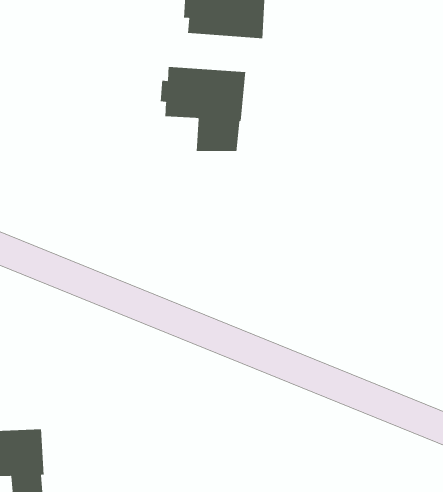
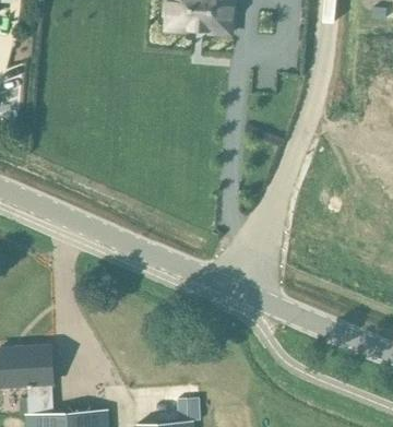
building: [160,66,246,152] -> none

